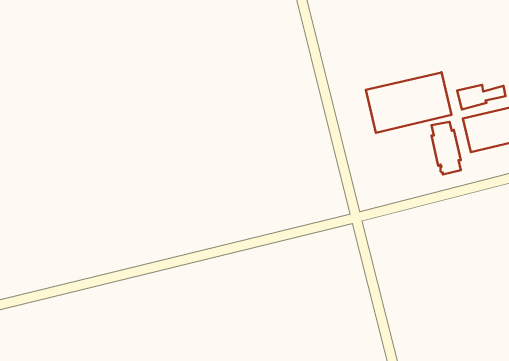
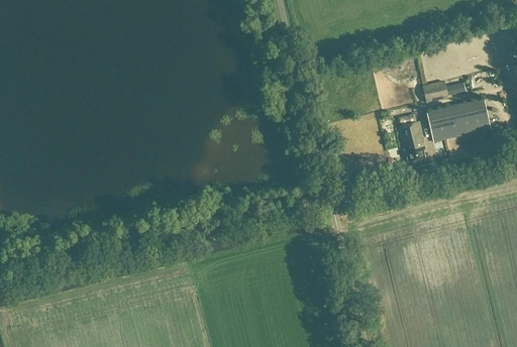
building: [366,72,451,133] -> none

